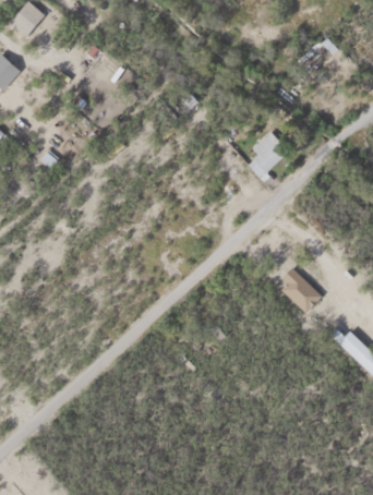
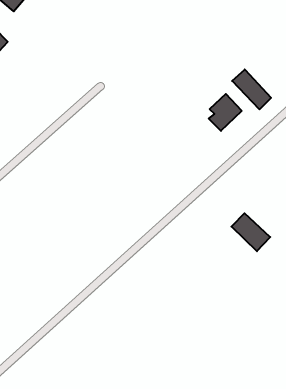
building: none -> [232,69,271,109]

